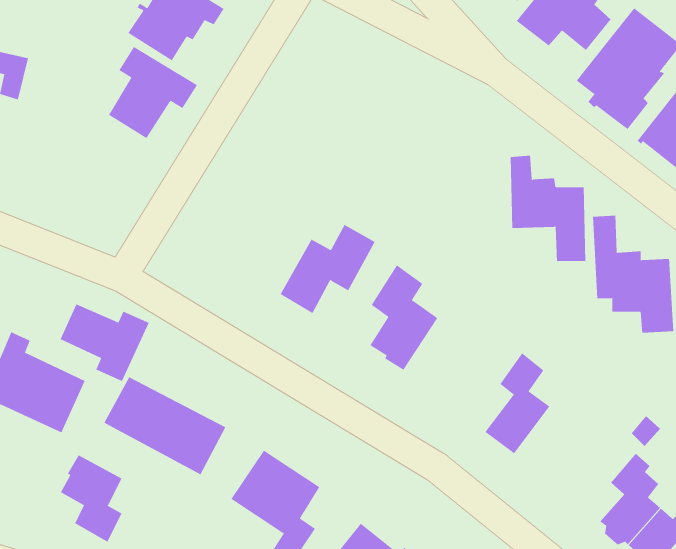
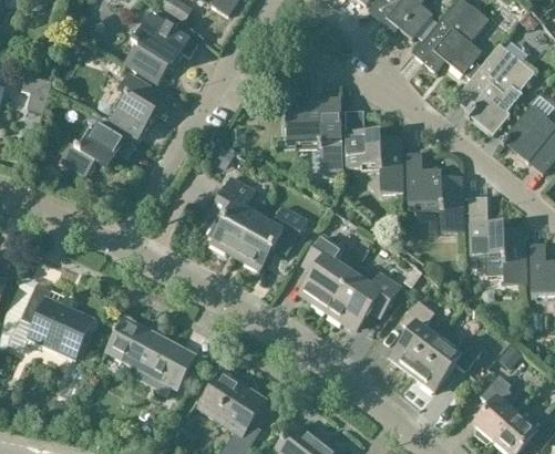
building: none -> [284,99,343,171]
building: none -> [346,111,403,192]
building: none -> [59,123,135,177]
building: none -> [204,176,259,256]
building: [60,303,150,382] -> none
building: none -> [328,274,401,329]
building: none -> [410,329,480,391]
building: [60,454,122,542] -> none

